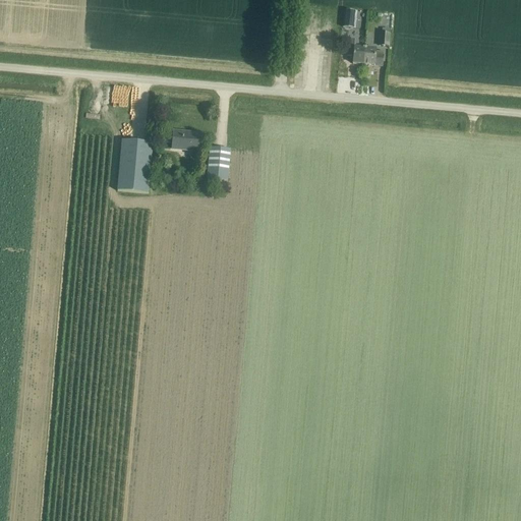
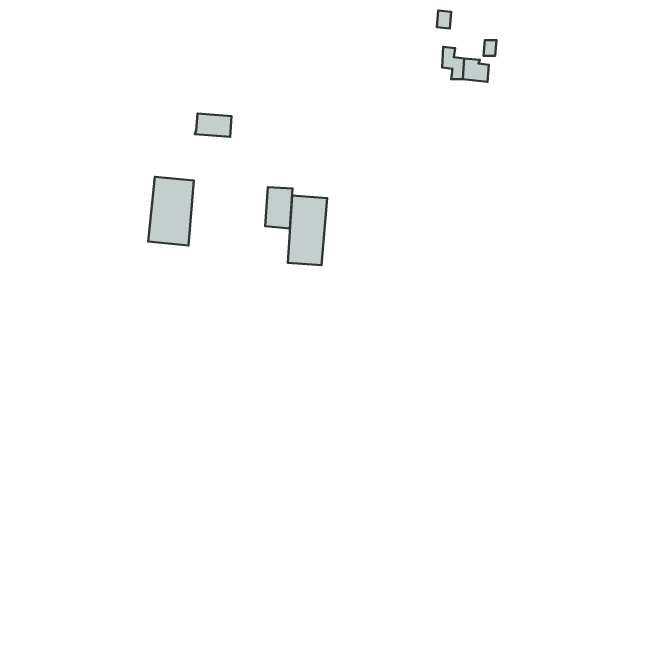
building: [172,130,200,149] -> [195,114,231,137]
building: none -> [288,196,327,265]

